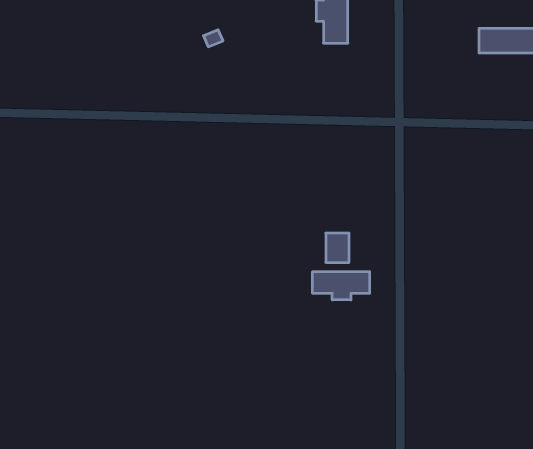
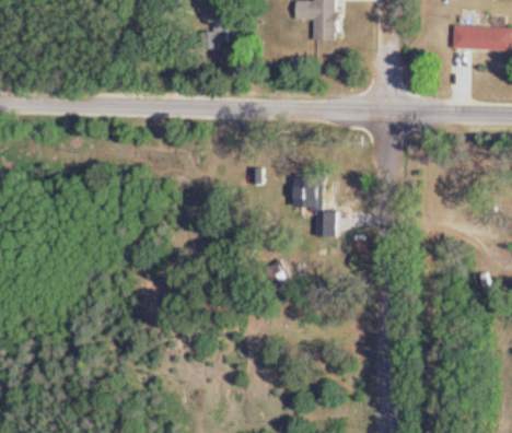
building: none -> [294,176,319,204]
building: [313,272,370,300] -> none

